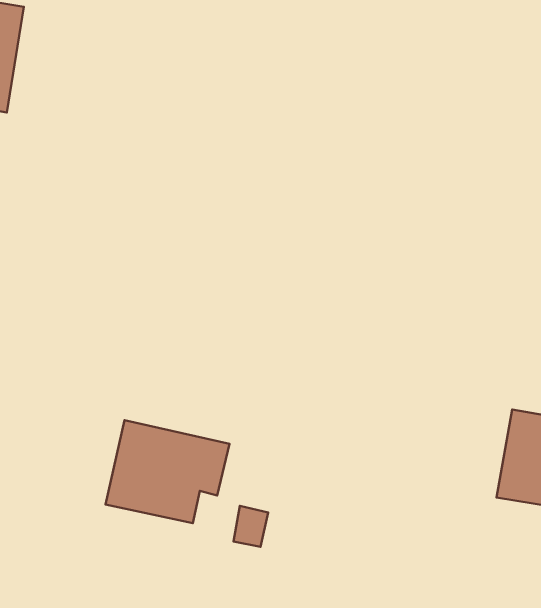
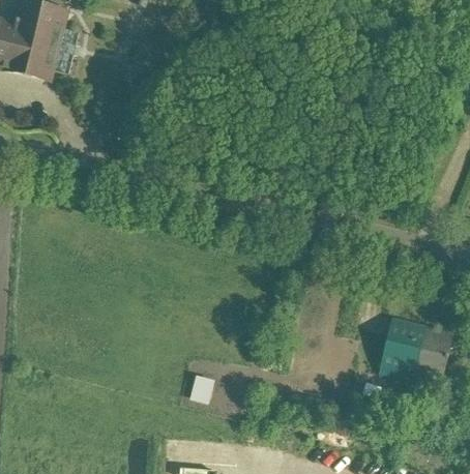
building: [106,420,229,523] -> none

